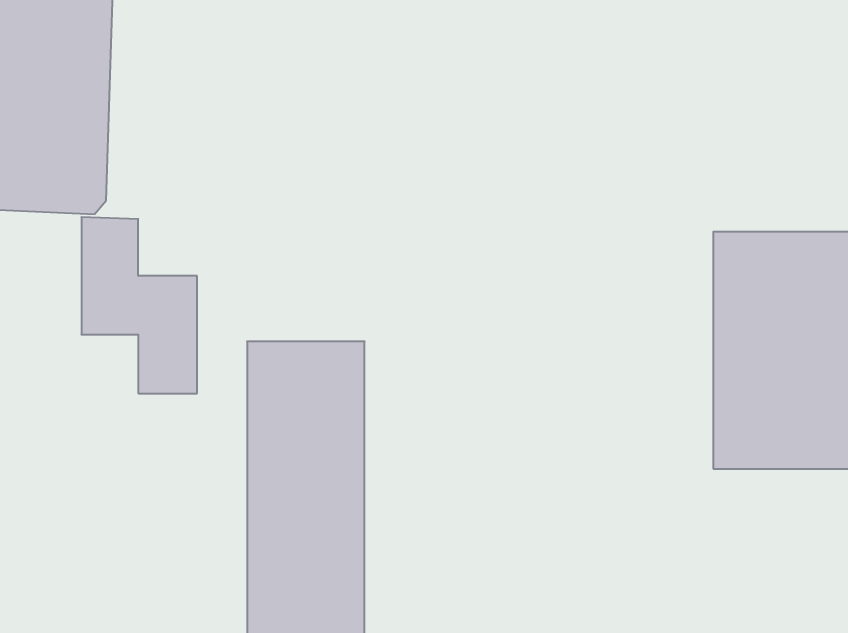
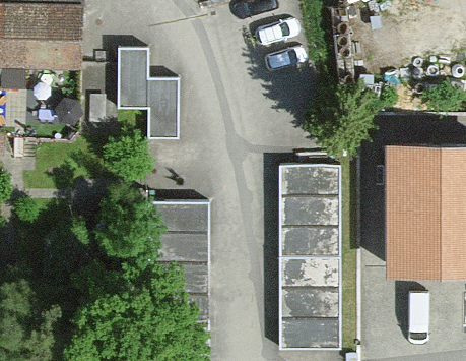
building: [81,217,197,393] -> [118,47,178,138]
building: none -> [279,165,339,348]

